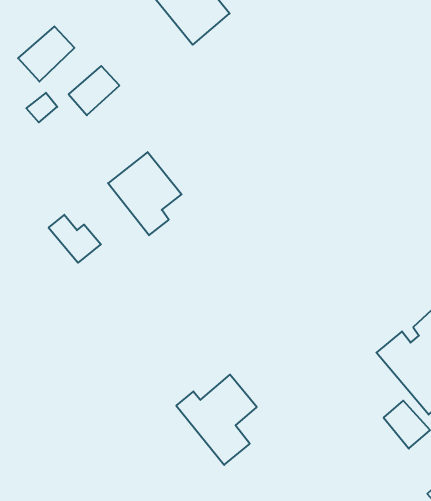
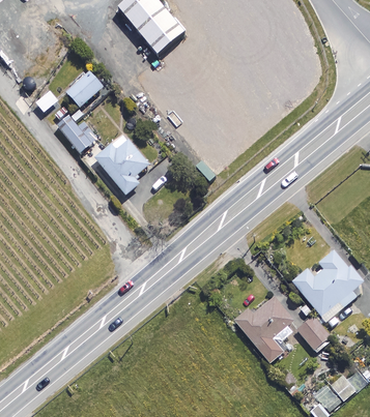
building: [18,26,74,82] -> none
building: [49,215,101,263] -> [58,117,96,152]
building: [176,375,257,465] -> [235,297,294,363]

